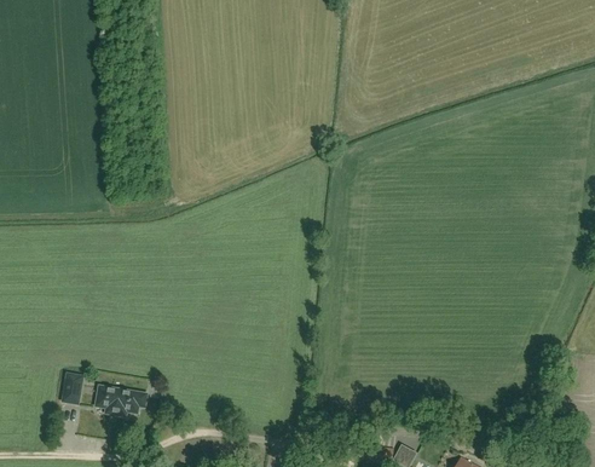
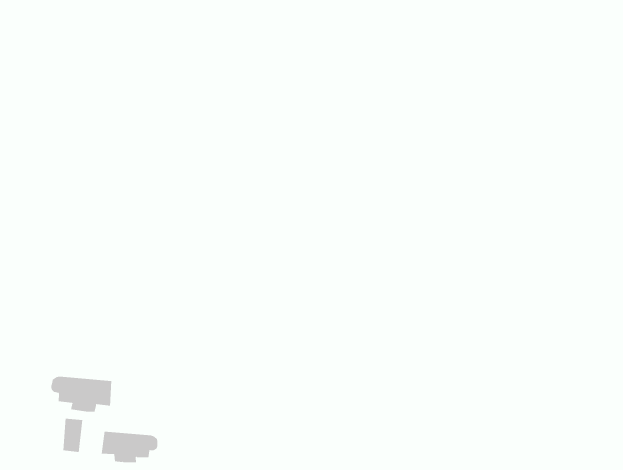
building: none -> [51,376,112,413]

